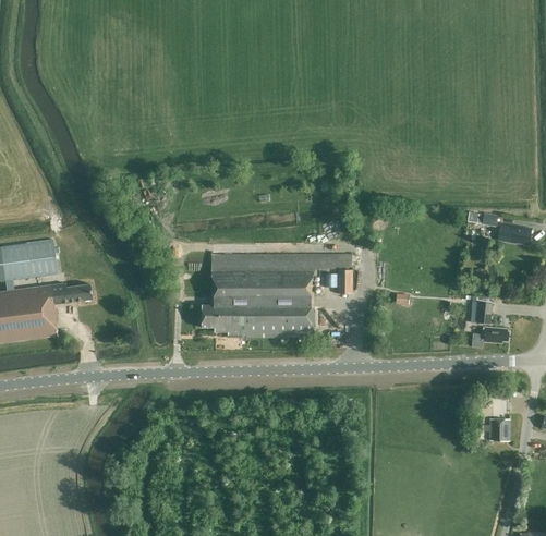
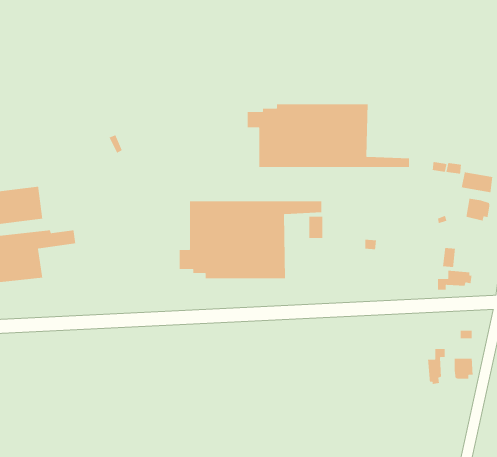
building: none -> [247,104,410,168]
building: none -> [466,198,490,221]
building: none -> [427,348,445,385]

